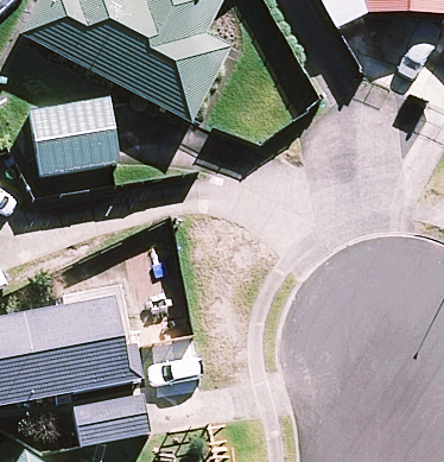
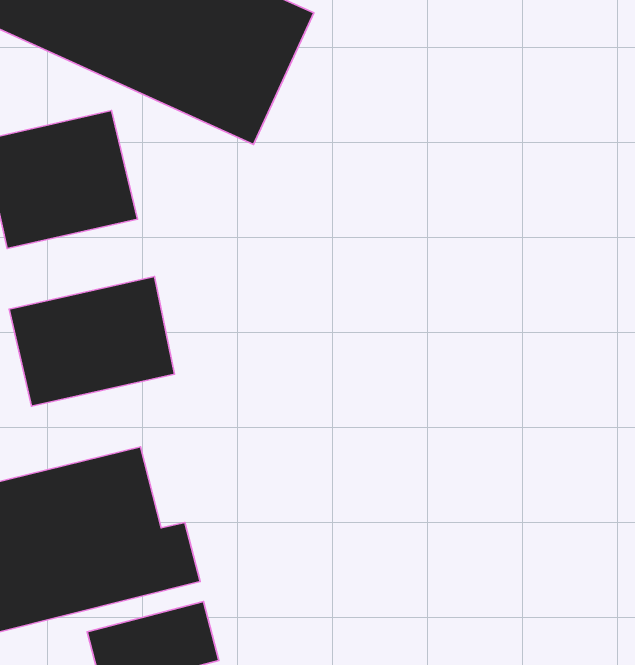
building: none -> [9,277,175,406]

